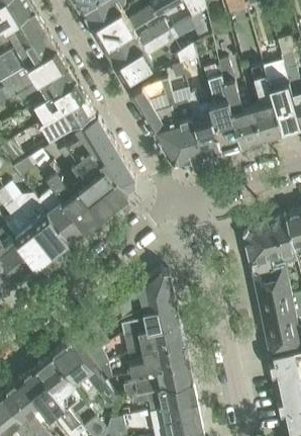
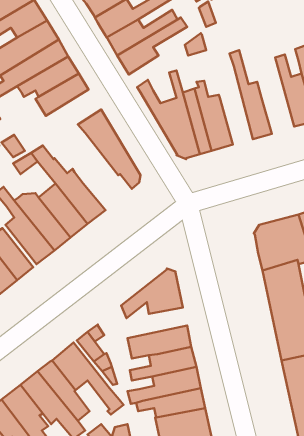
building: [250,66,282,141] -> none
building: [206,69,242,151] -> none
building: [40,98,96,142] -> none
building: [61,140,127,213] -> none
building: [121,307,180,336] -> none

